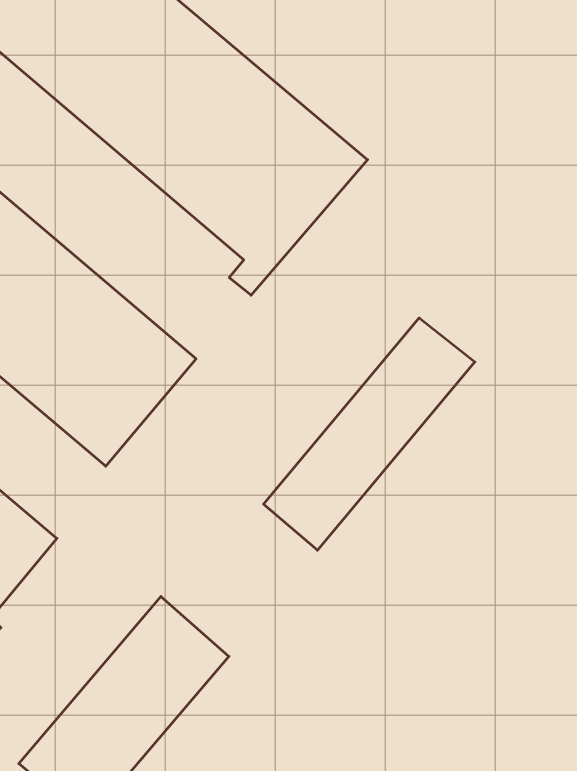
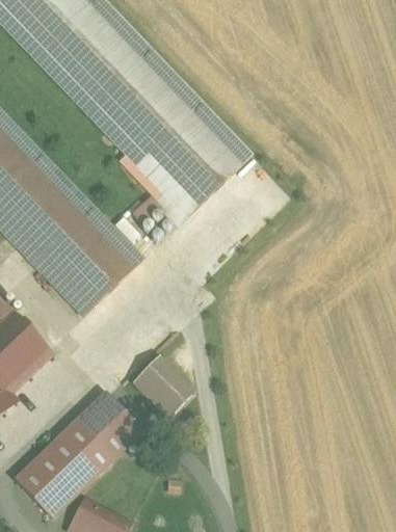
building: [264,318,475,550] -> none
building: none -> [133,355,194,418]

